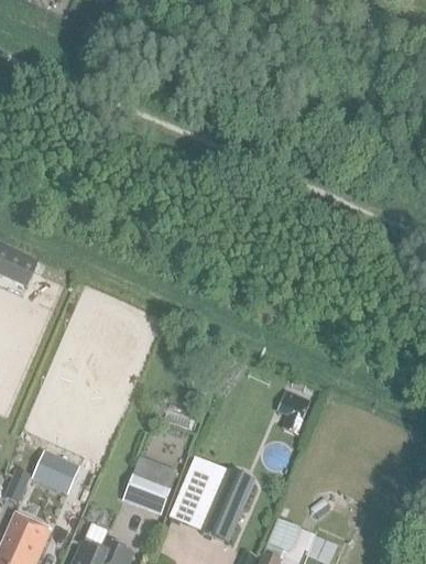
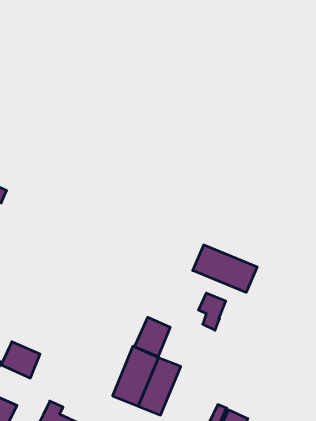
building: none -> [193,245,257,292]
building: none -> [135,317,170,357]
building: [123,469,171,513] -> none

